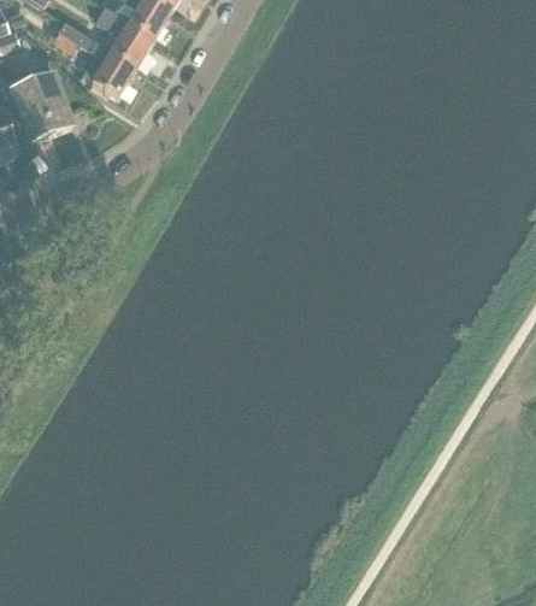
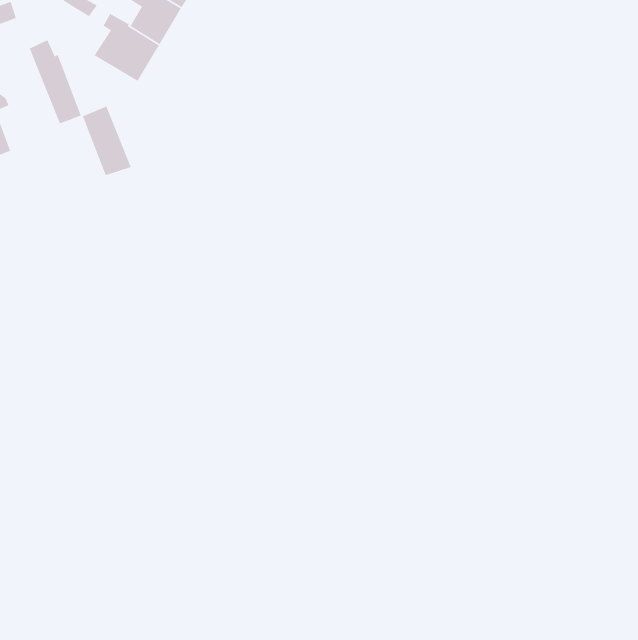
building: [12,82,53,140] -> [82,106,132,176]

